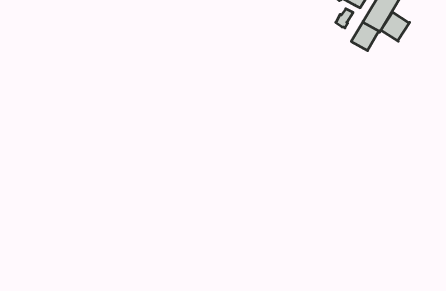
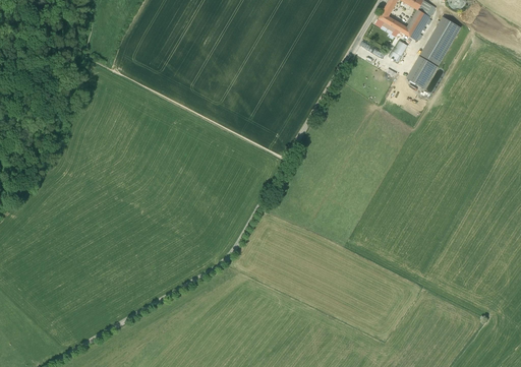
building: [381,12,410,41] -> none

